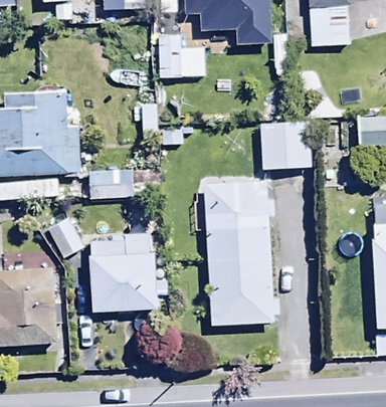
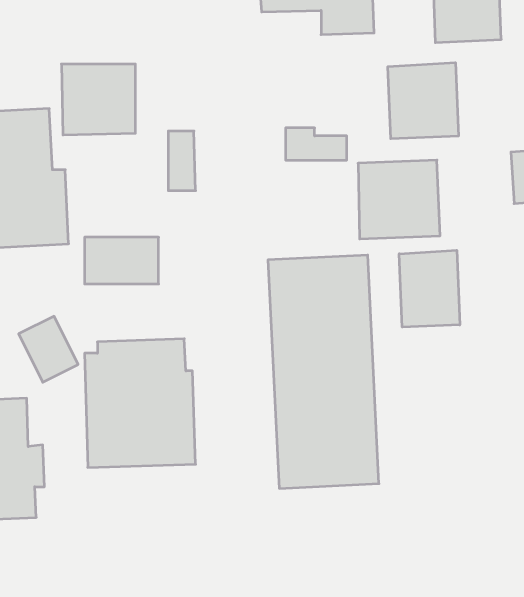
building: [158,34,204,78] -> [61,64,135,135]
building: none -> [388,63,458,139]
building: none -> [399,250,460,327]

